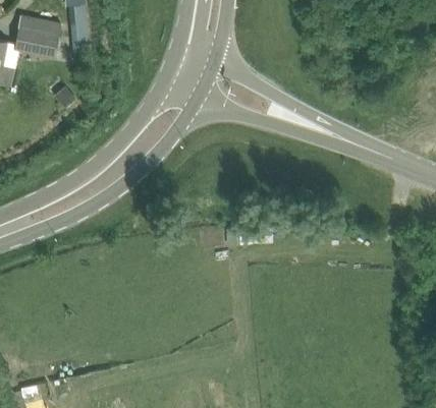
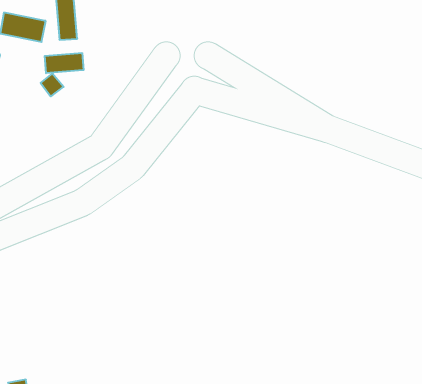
building: none -> [45,53,84,73]

